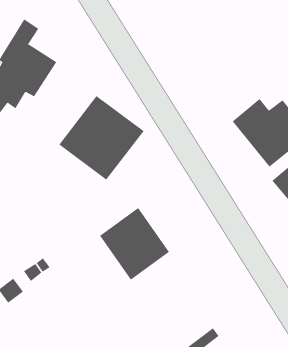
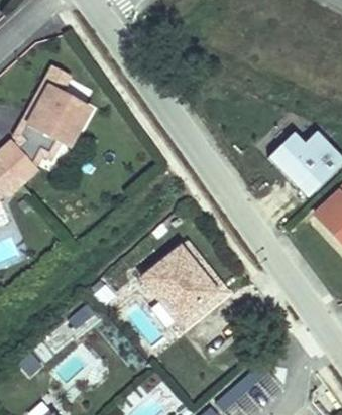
building: [58,95,144,181] -> none
building: none -> [177,241,229,328]

